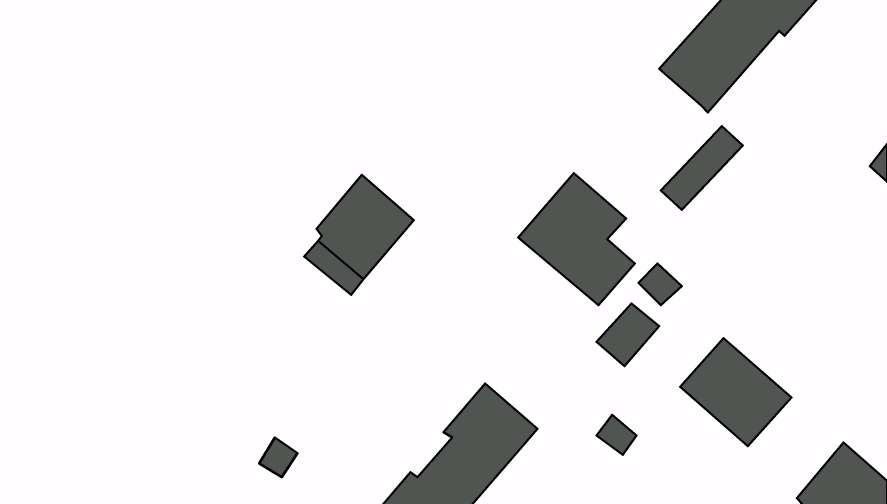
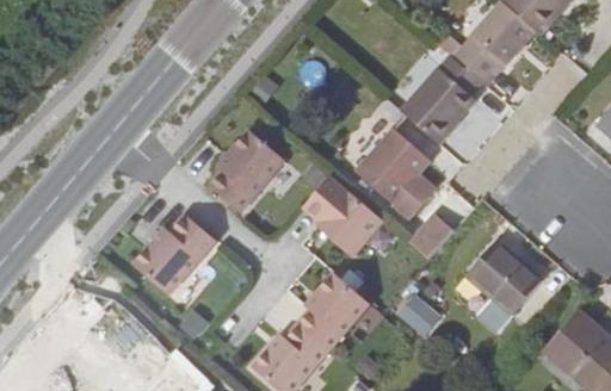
building: none -> [401,56,481,143]
building: none -> [302,176,383,260]
building: none -> [134,215,216,296]

